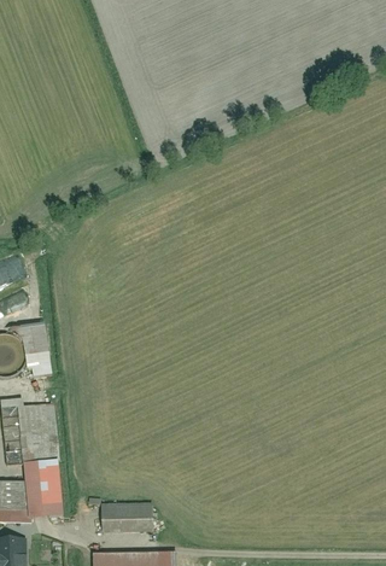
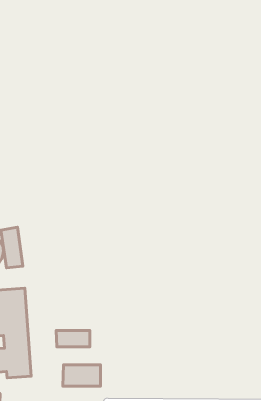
building: none -> [56,330,90,347]

